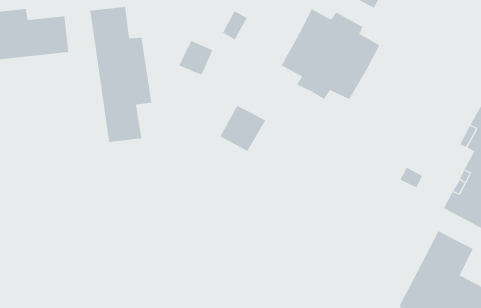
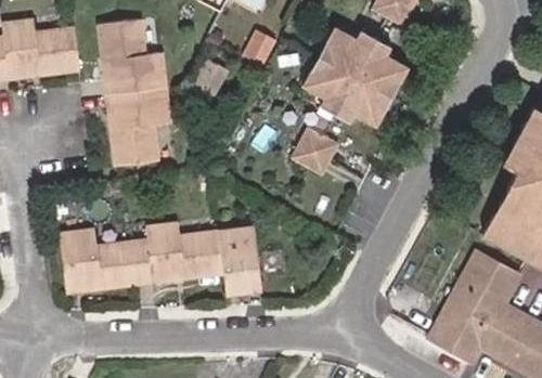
building: [220,105,266,152] -> [292,126,341,175]
building: none -> [63,226,263,295]

